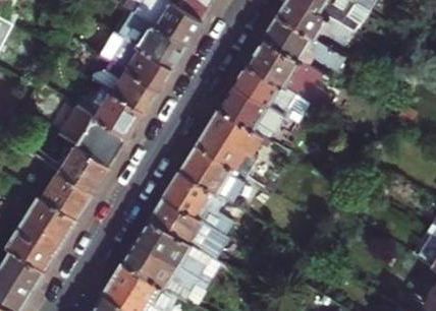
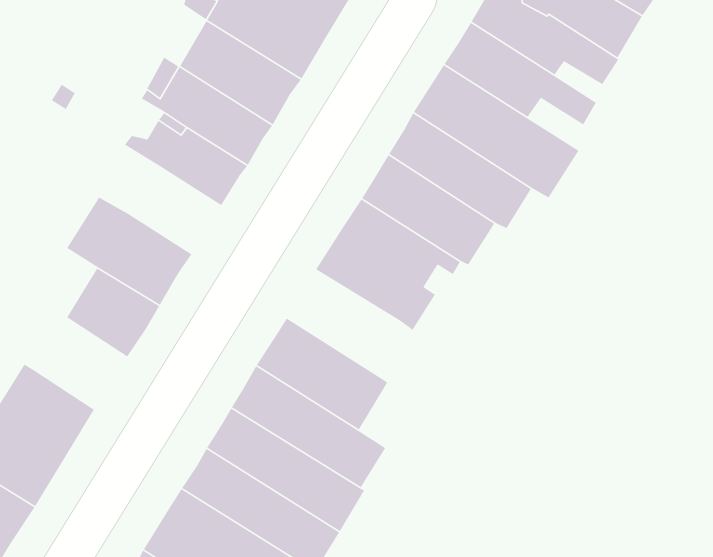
building: [96,88,145,135] -> none
building: [179,143,244,202] -> none
building: [45,169,95,217] -> none

